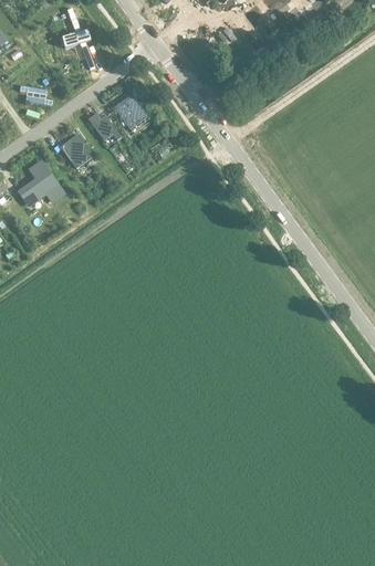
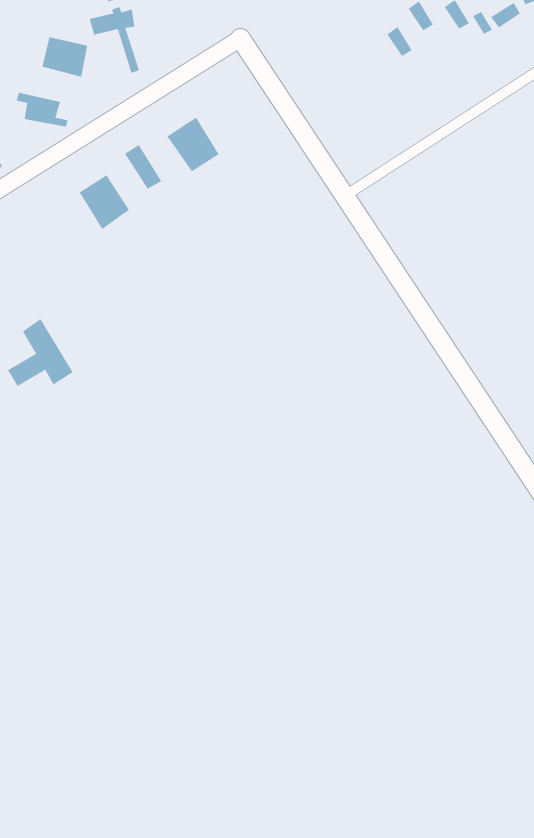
building: none -> [42,36,88,77]
building: [21,158,62,201] -> [7,318,74,387]

